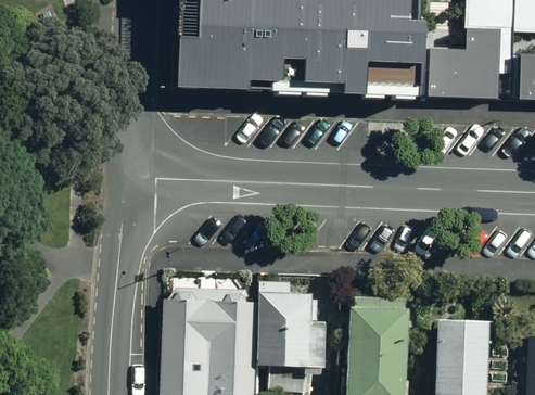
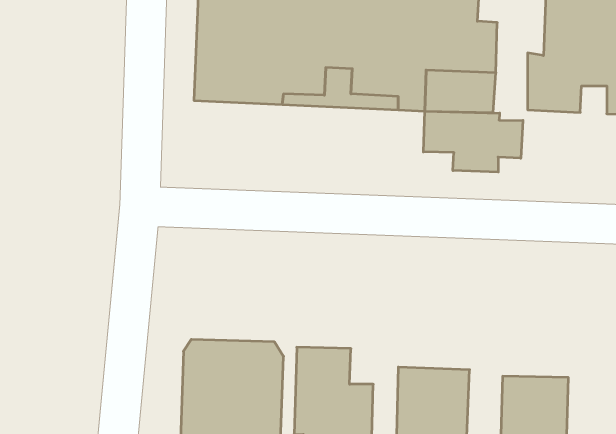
building: none -> [423,111,523,172]

